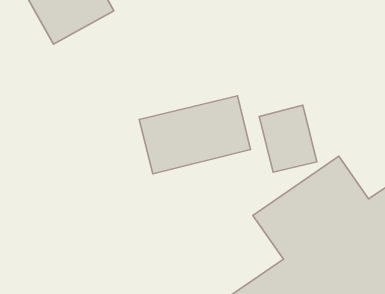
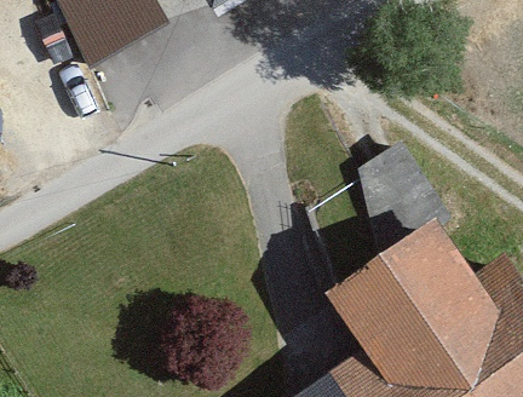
building: [139,96,251,174] -> none

